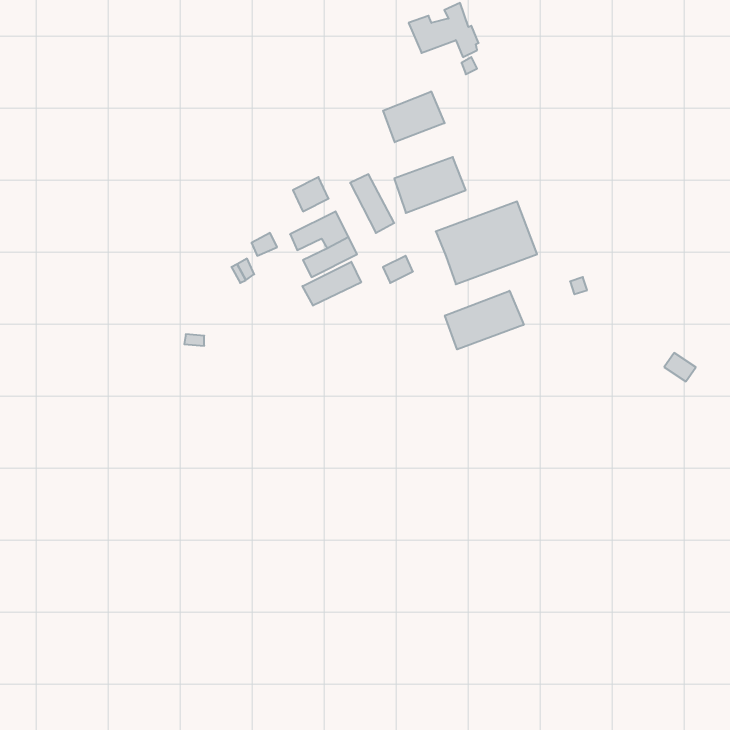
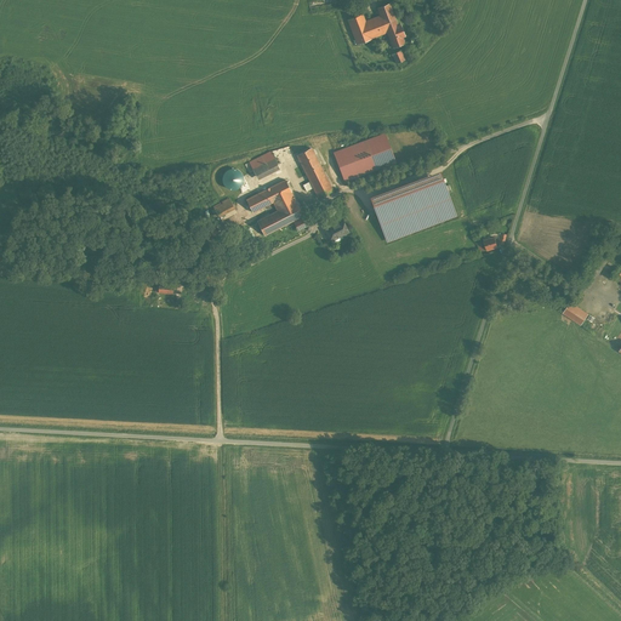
building: [383,91,445,142] -> none
building: [302,262,361,306] -> none
building: [445,291,524,349] -> none

